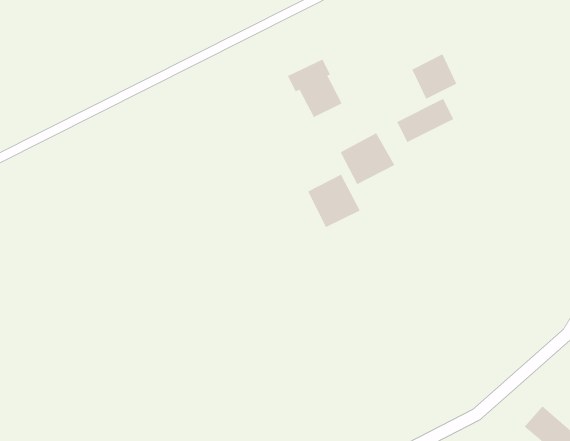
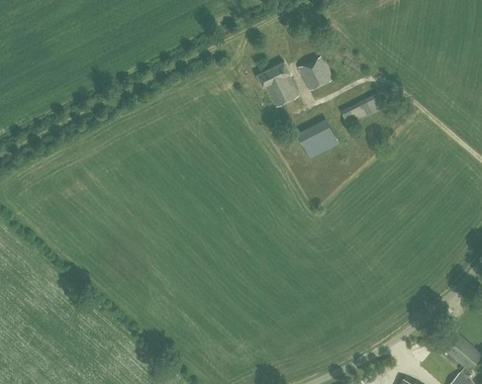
building: [411,54,457,100] -> [298,56,333,91]
building: [307,174,361,228] -> none

